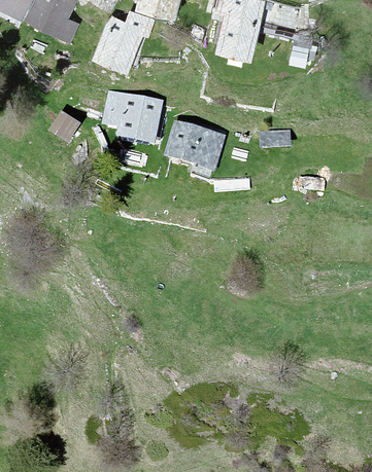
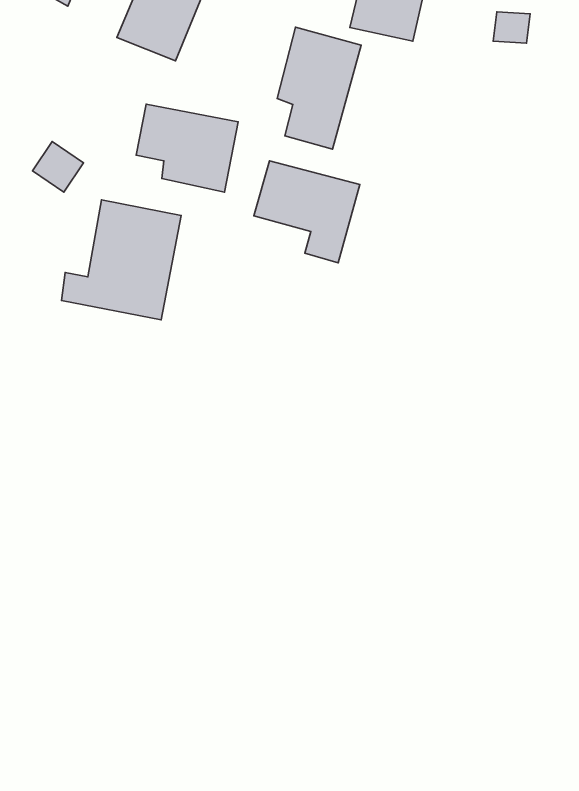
building: none -> [277,27,361,149]
building: none -> [61,200,181,320]

